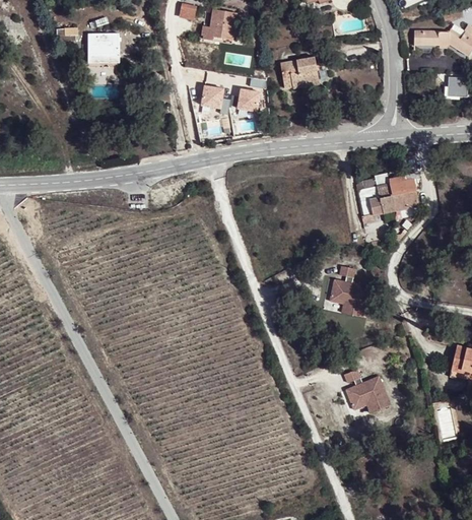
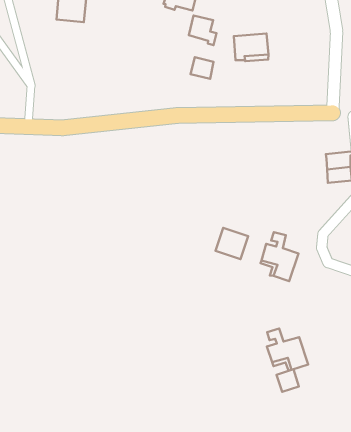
building: [199,83,228,113] -> [189,16,217,45]
building: [361,177,394,215] -> none
building: none -> [216,228,248,259]
building: none -> [276,369,299,392]

